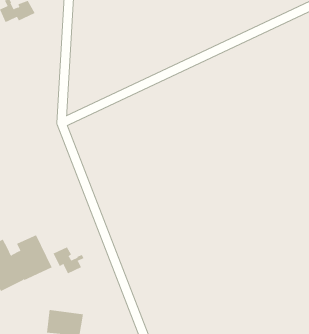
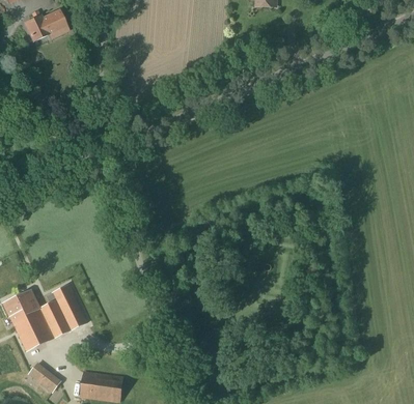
building: [53,247,84,274] -> none
building: none -> [31,363,66,393]

